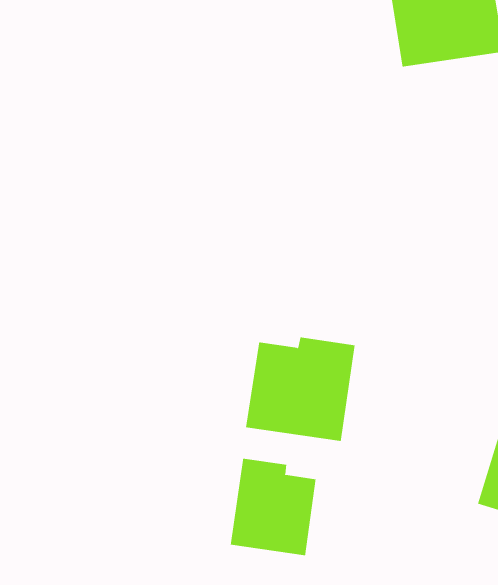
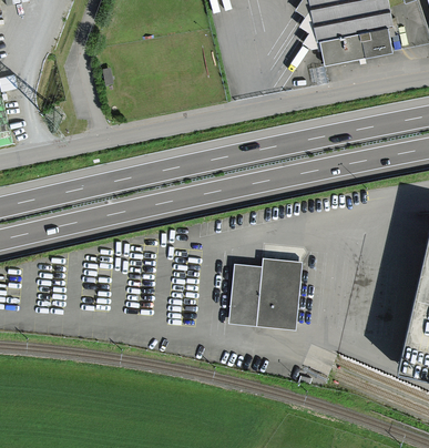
building: [230,458,316,556] -> none

